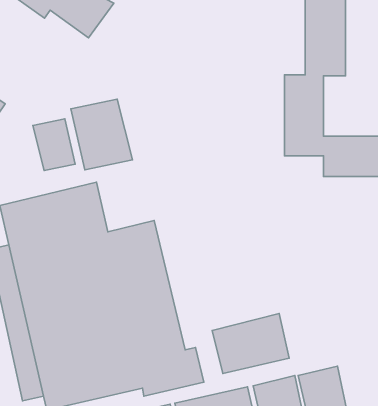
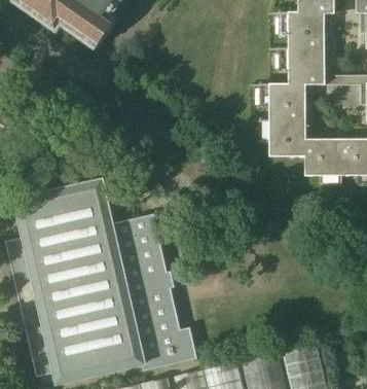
building: [71,99,133,170] -> none
building: [33,119,75,170] -> none
building: [212,313,289,373] -> none

